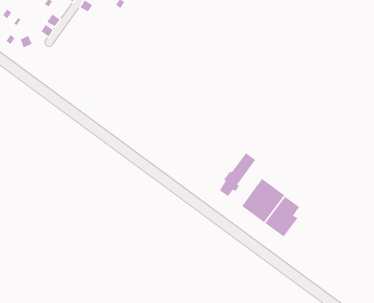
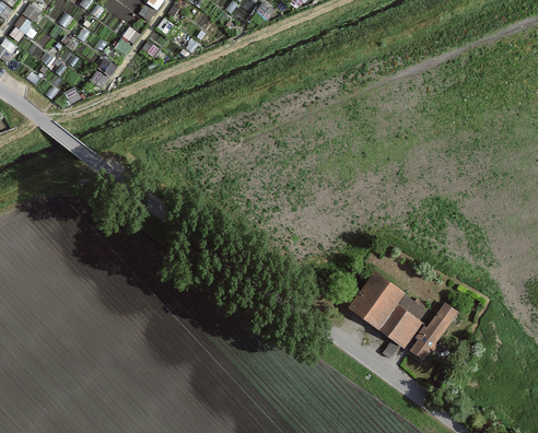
building: [219,152,256,197] -> [410,300,458,358]

